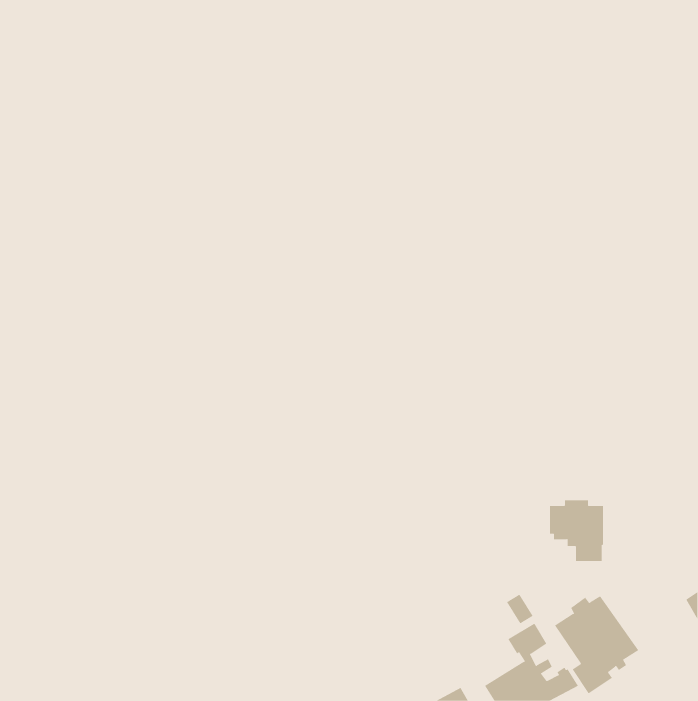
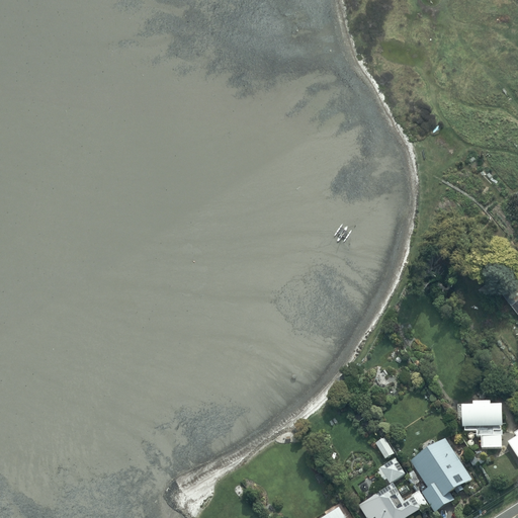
building: [549,500,604,562] -> [461,397,502,442]

